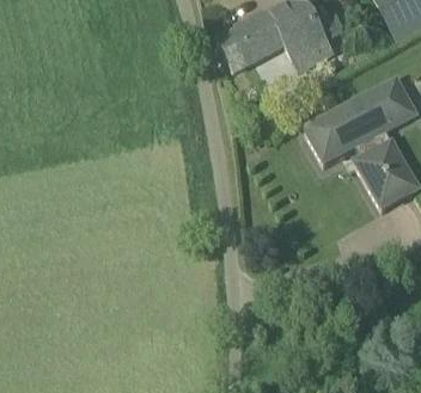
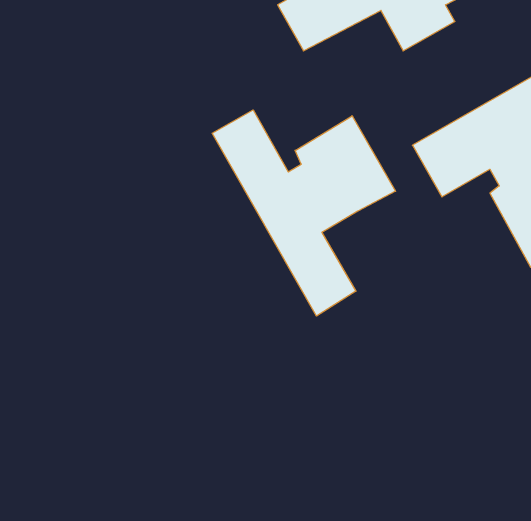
building: none -> [212,110,396,316]

